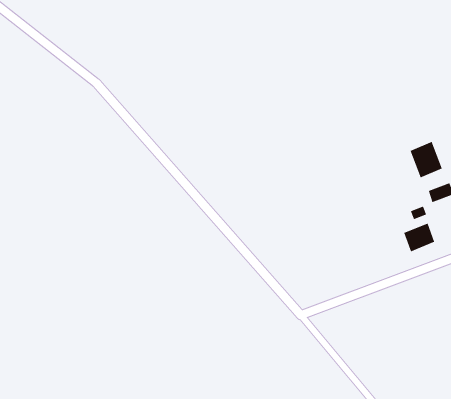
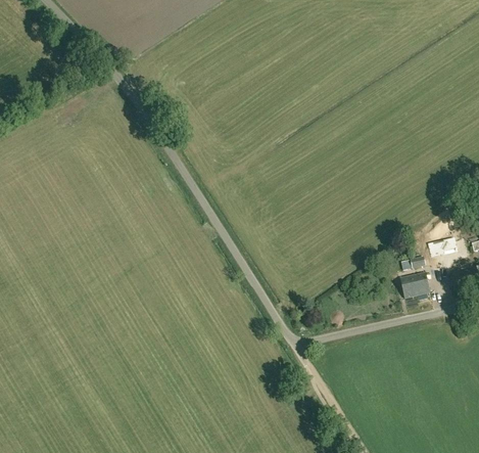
building: [409,141,443,179] -> none

